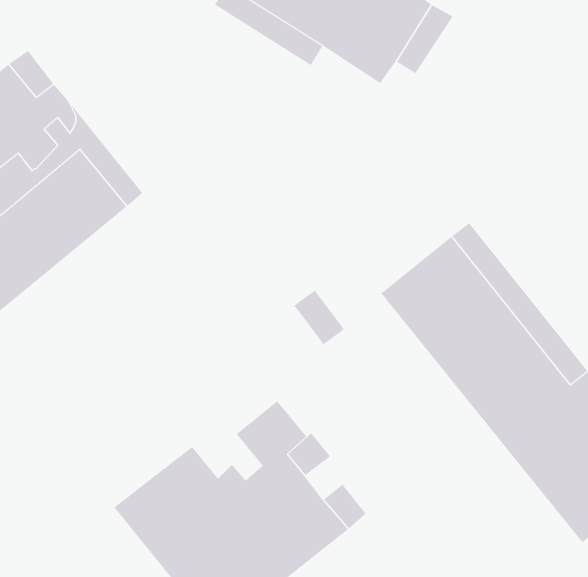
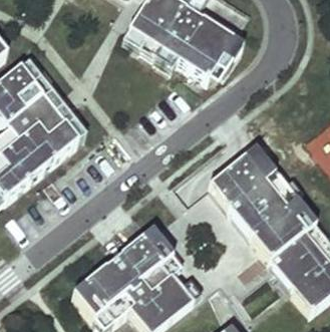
building: none -> [112,229,155,276]

